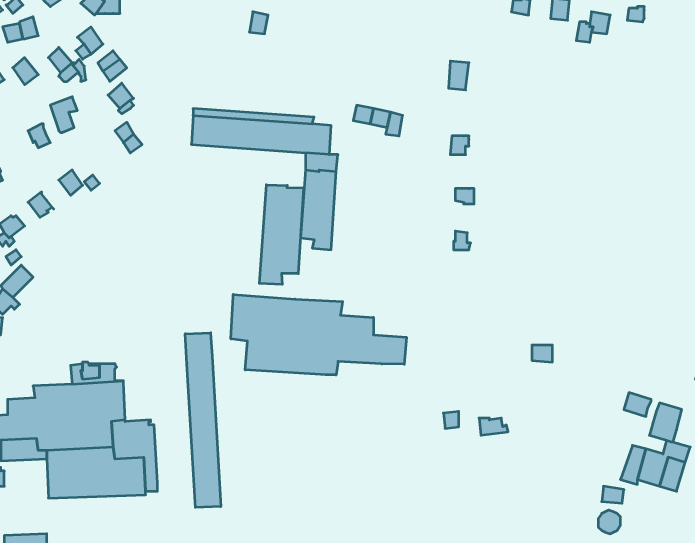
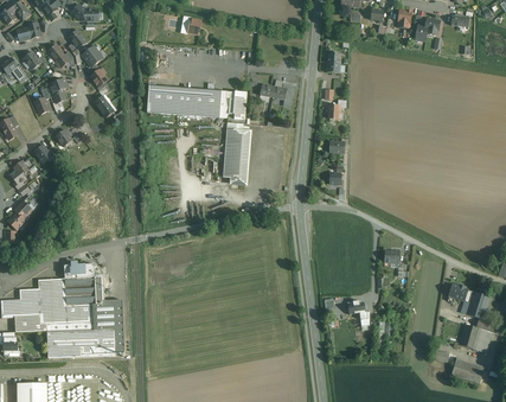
building: [259,185,304,284] -> none
building: [231,294,406,375] -> none
building: [185,333,221,507] -> none
building: none -> [450,357,483,383]

